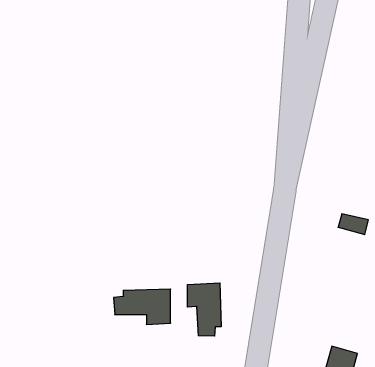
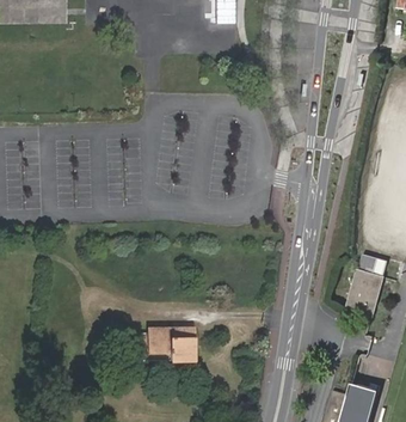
building: none -> [345,269,383,316]
building: [188,283,221,336] -> none

